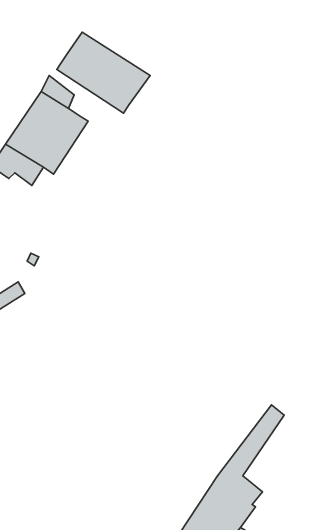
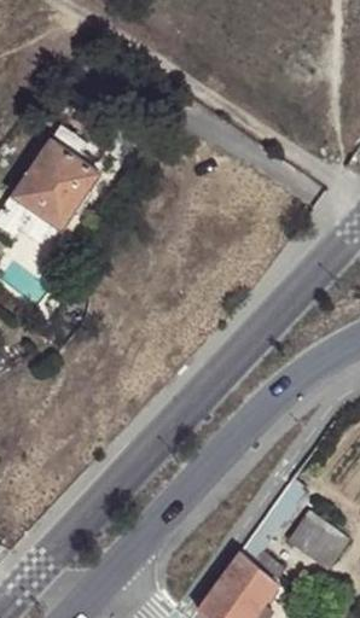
building: [57,32,150,113] -> none
building: none -> [294,517,349,570]

